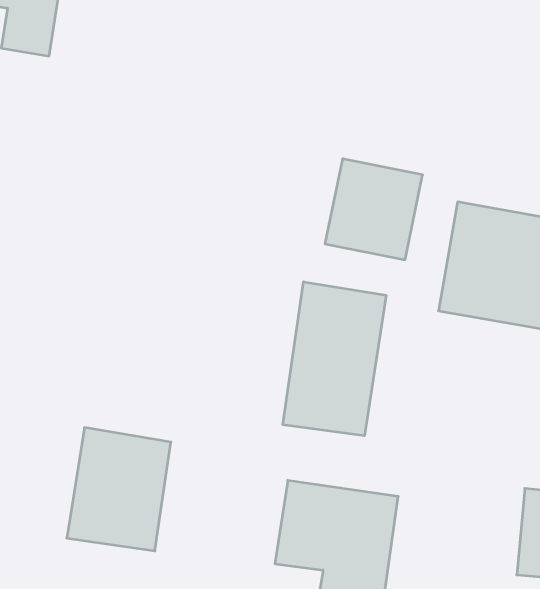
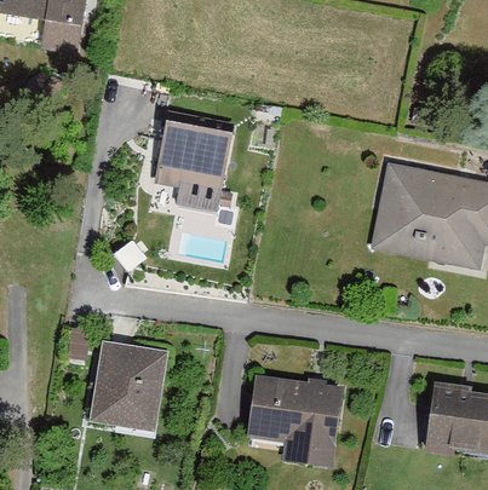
building: [325,159,423,260] -> [156,117,230,194]
building: [283,282,386,436] -> none

